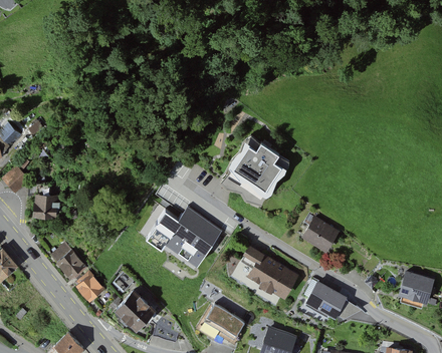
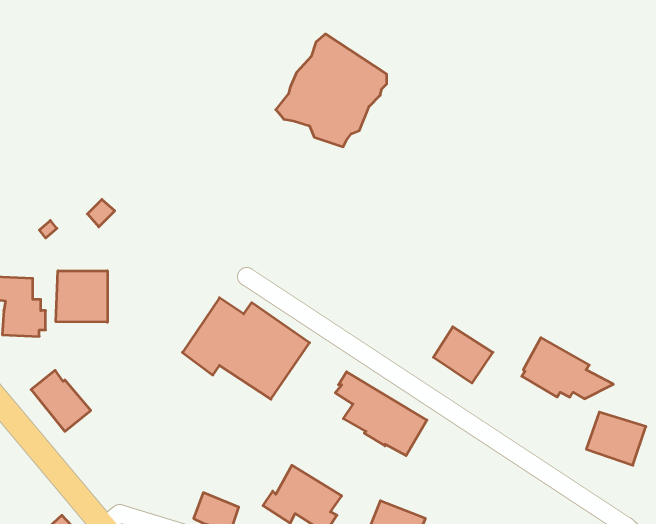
building: [219,141,288,212] -> [276,34,387,147]
building: none -> [56,271,107,322]
building: [75,271,104,301] -> none
building: [304,280,362,318] -> [522,338,613,399]
building: [114,287,156,329] -> none

